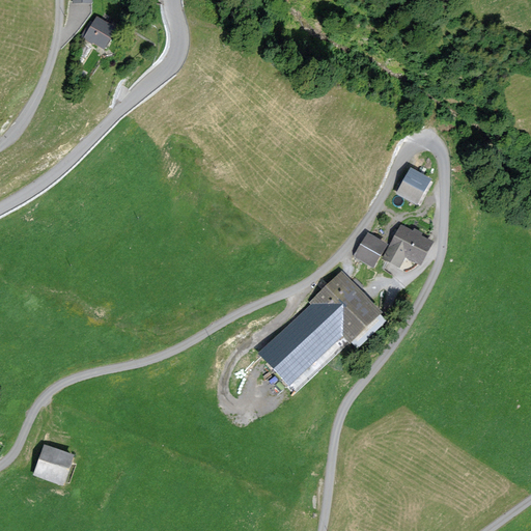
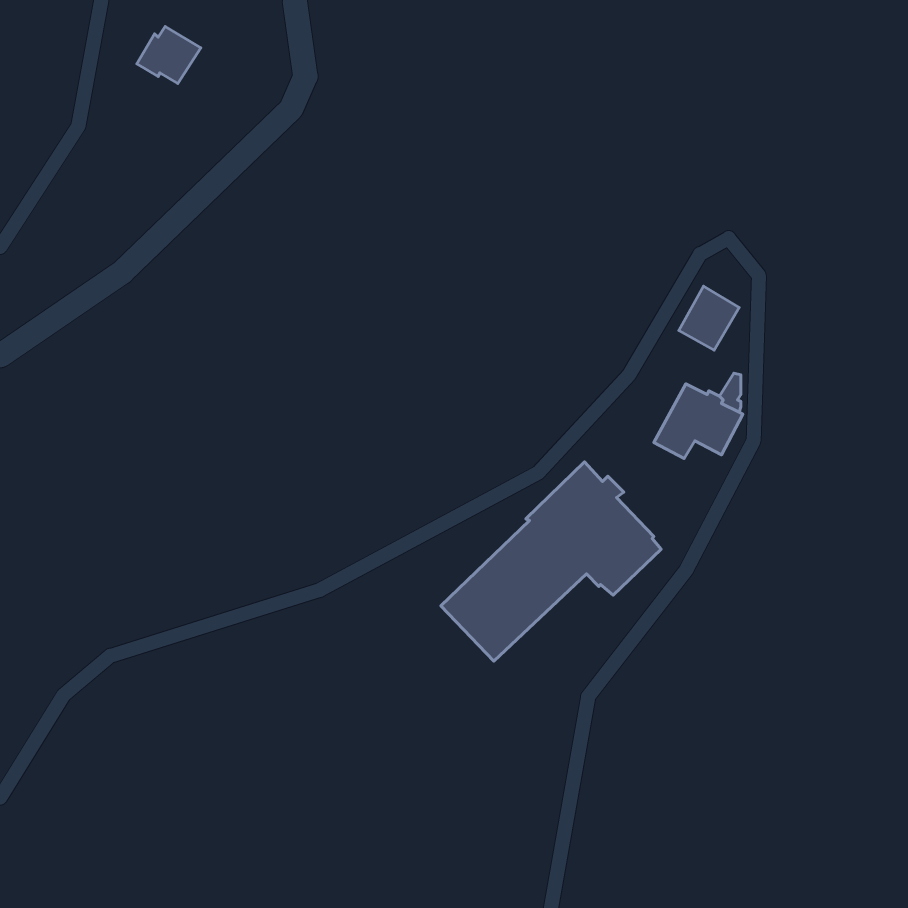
building: [354,232,388,269] -> none
building: [33,444,75,485] -> none

